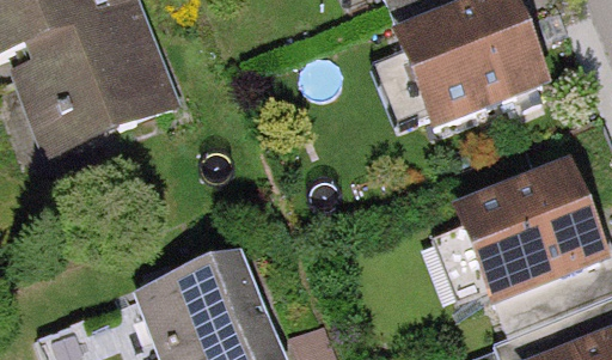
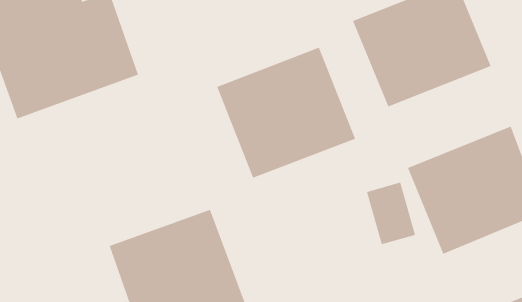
building: none -> [216,47,356,179]

